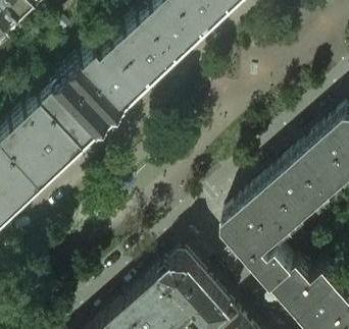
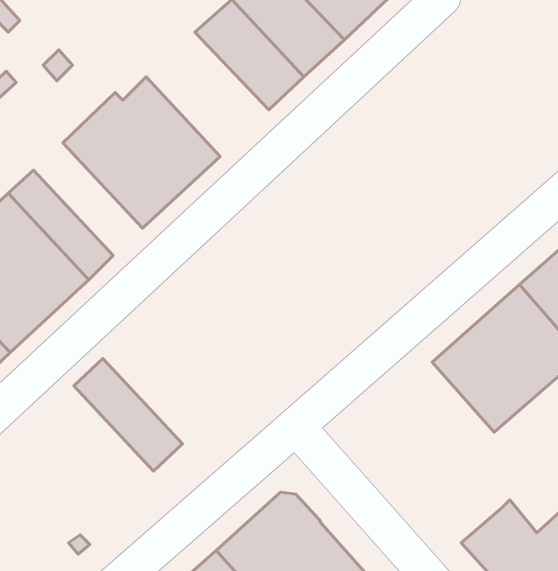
building: [107,18,171,84] -> none
building: [48,76,105,135] -> [74,359,183,471]
building: [222,191,294,286] -> none

